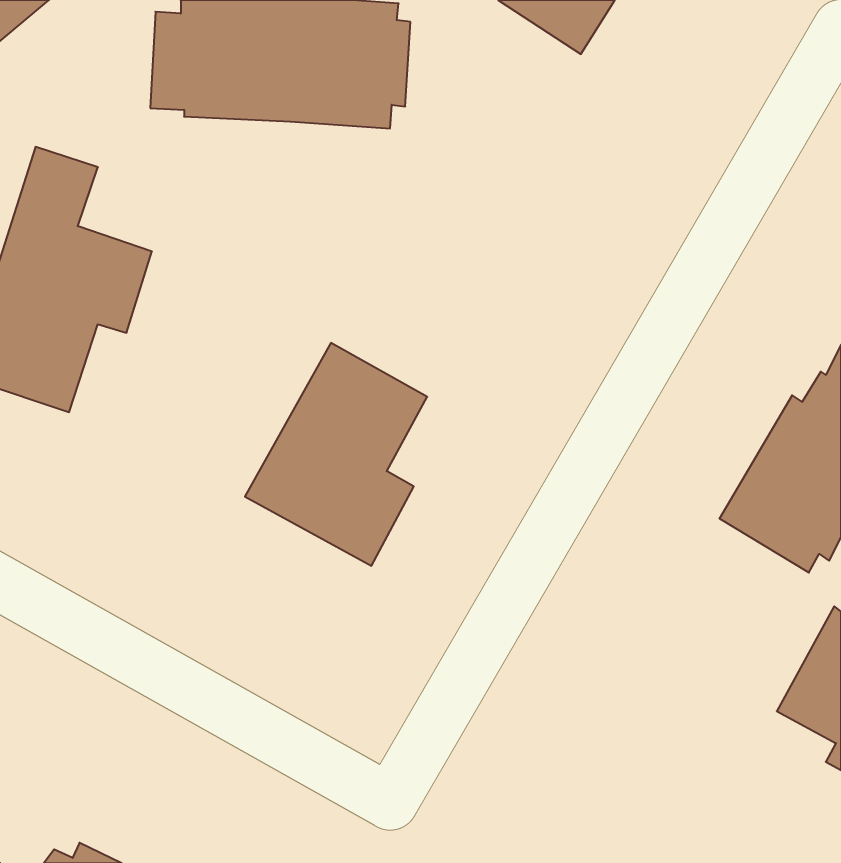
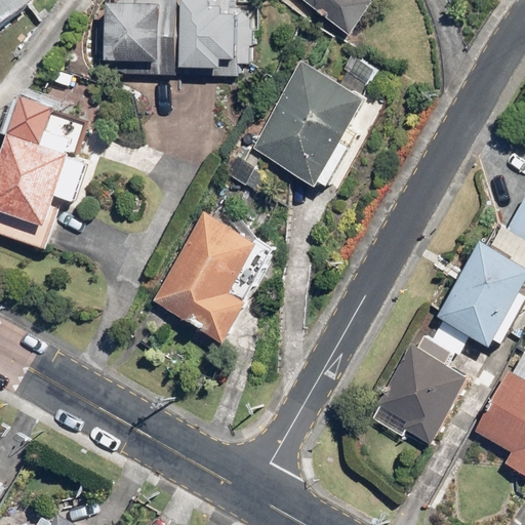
building: none -> [215,53,383,193]
building: none -> [360,316,471,444]

